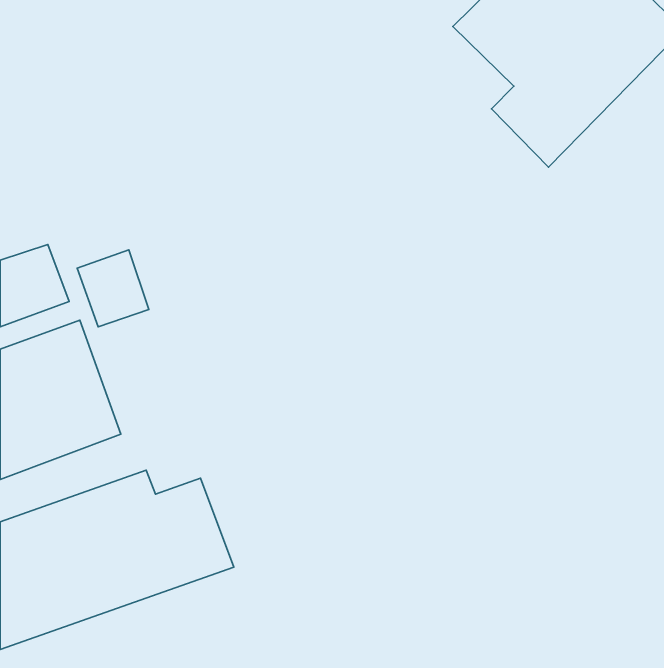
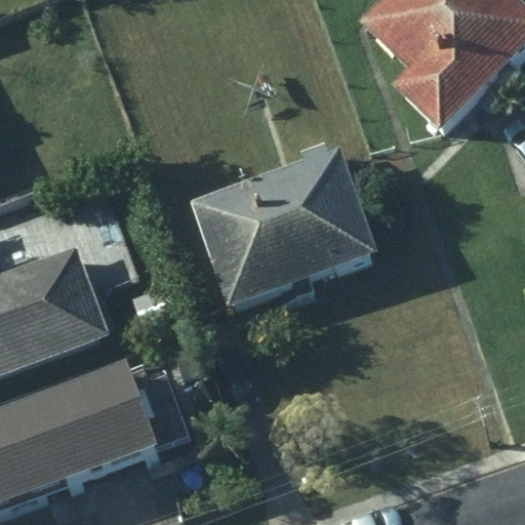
building: none -> [189,139,373,308]

